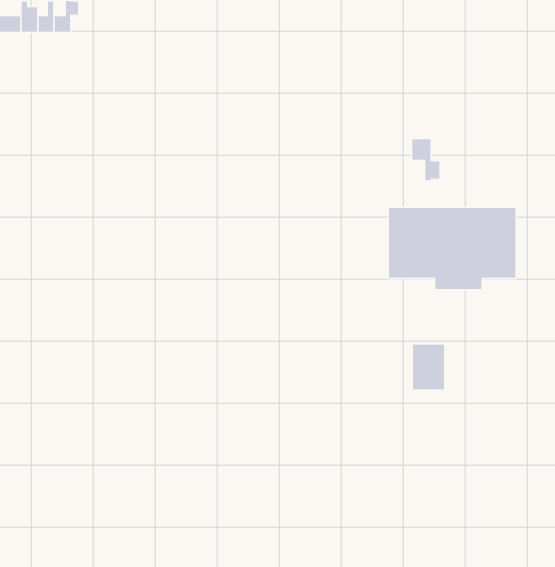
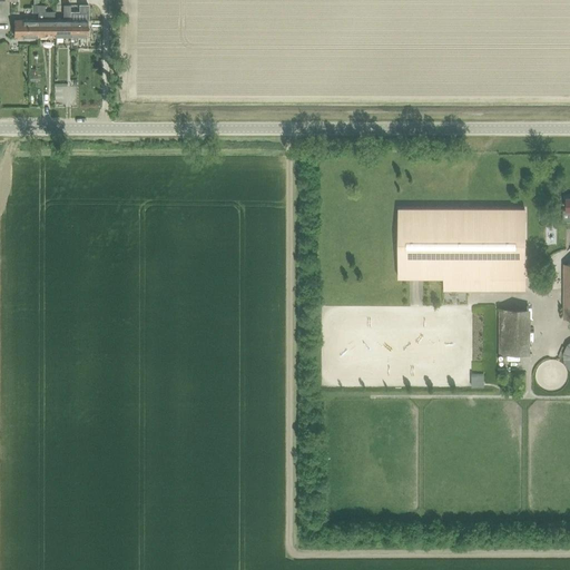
building: [411,139,440,181] -> none
building: [412,344,445,390] -> [498,308,530,354]

